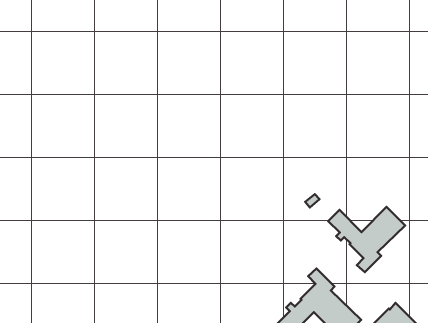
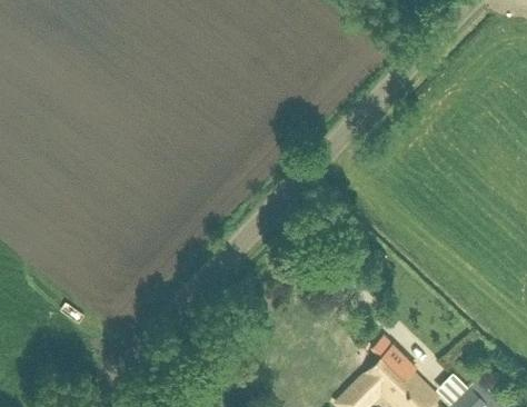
building: [328,207,405,272] -> none

